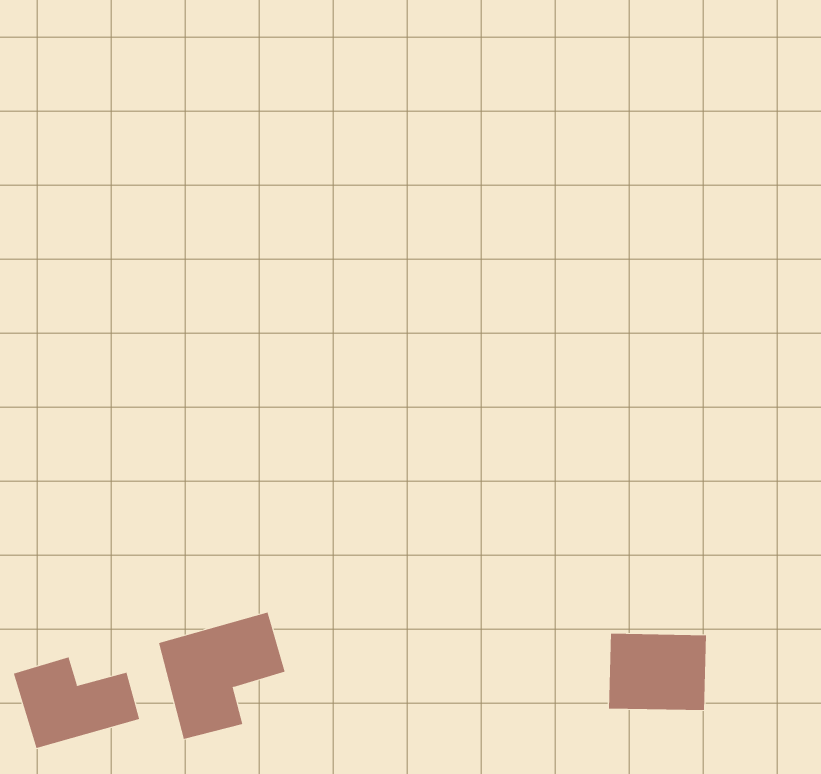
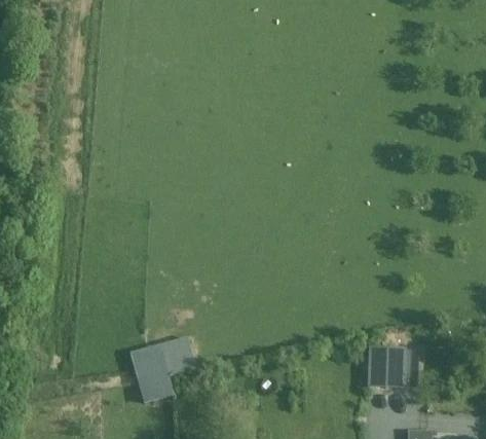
building: [13,656,140,749] -> none

